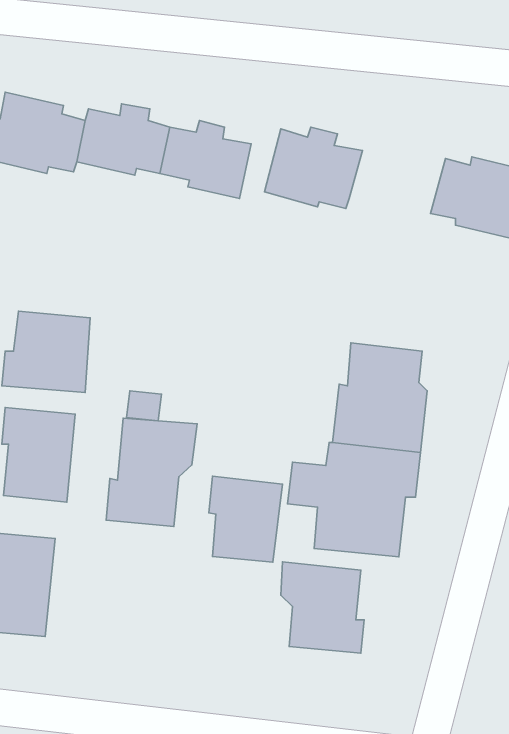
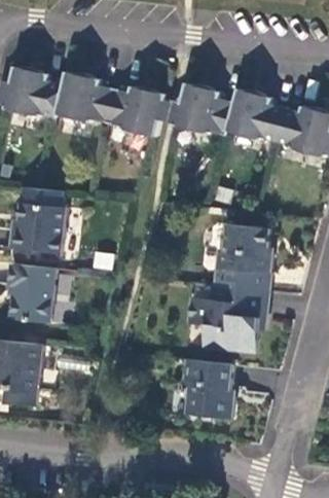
building: none -> [225,94,285,142]
building: [106,418,197,526] -> none
building: [209,476,282,562] -> none

